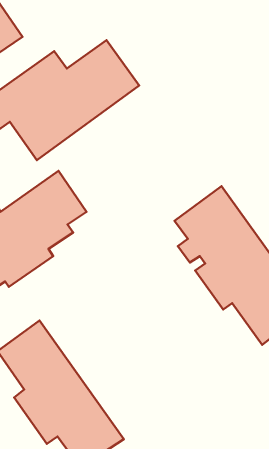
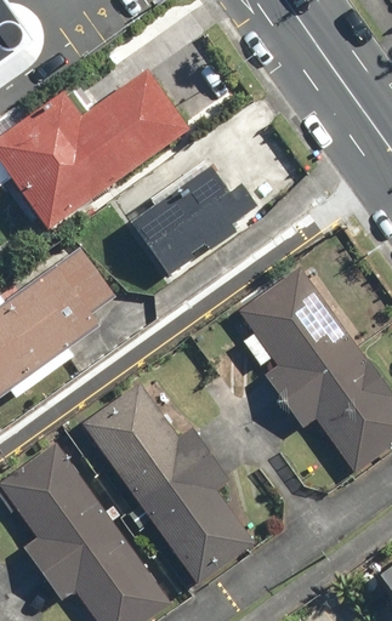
building: none -> [127,158,257,275]
building: none -> [84,386,255,583]

